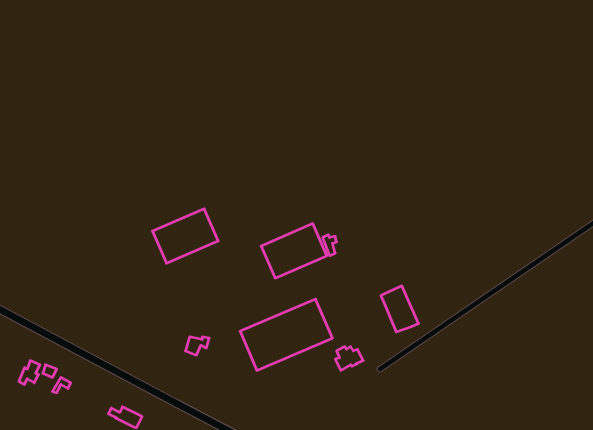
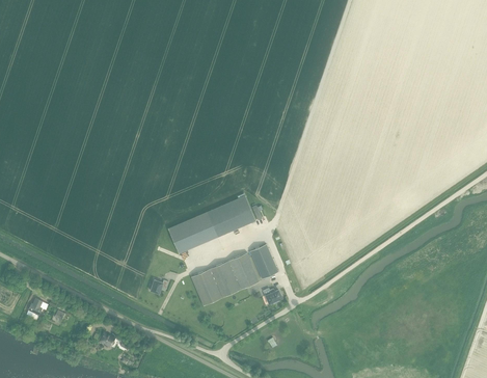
building: [152,209,218,263] -> [168,212,217,252]
building: [381,286,419,332] -> [250,243,278,277]

